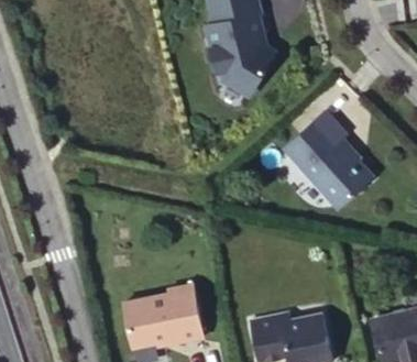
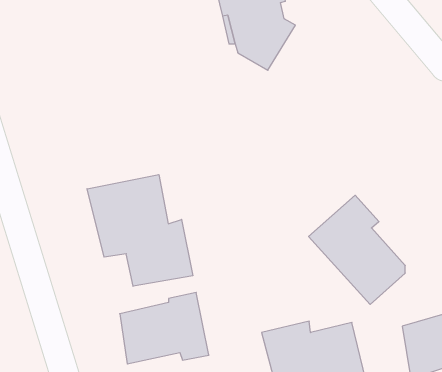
building: [284,108,369,204] -> [309,195,405,304]
building: none -> [87,175,193,286]

